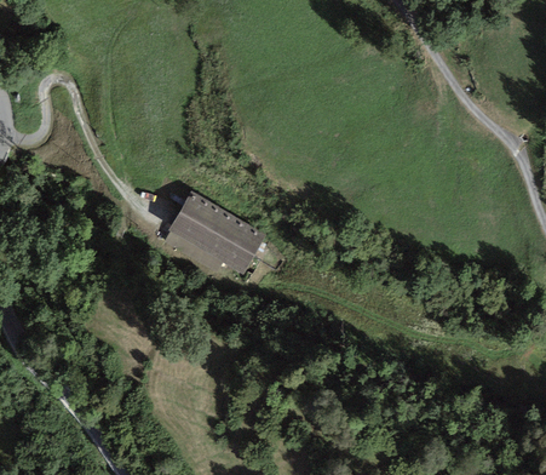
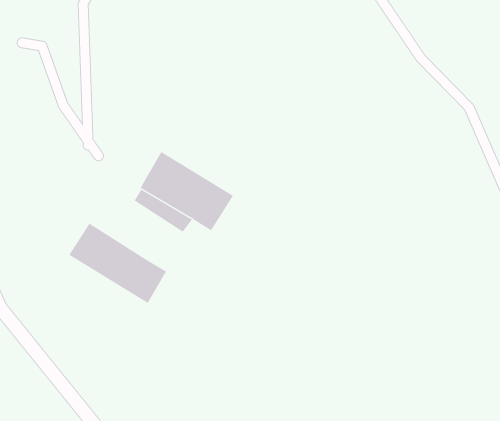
building: none -> [68,223,167,304]

